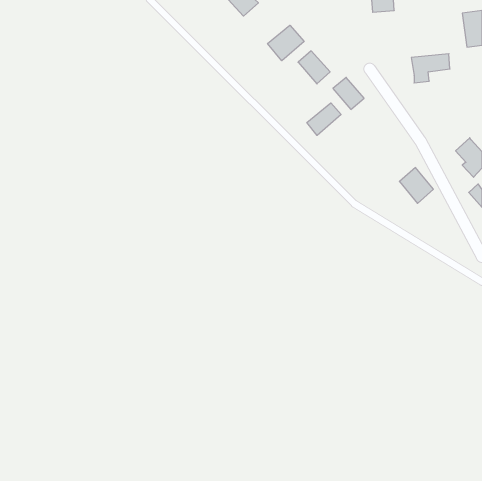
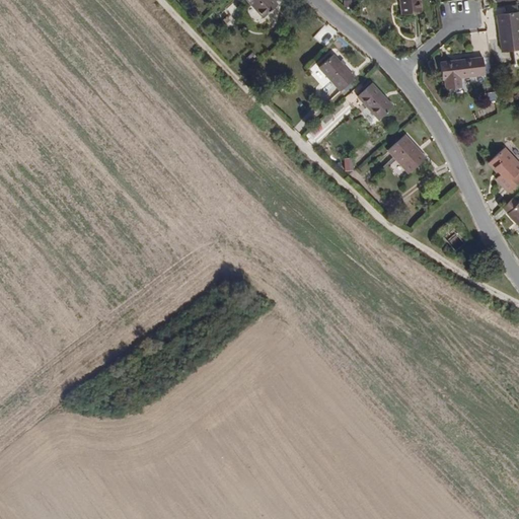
building: [268,25,304,61] -> none
building: [307,103,341,135] -> none
building: [399,168,433,203] -> [389,134,426,172]

